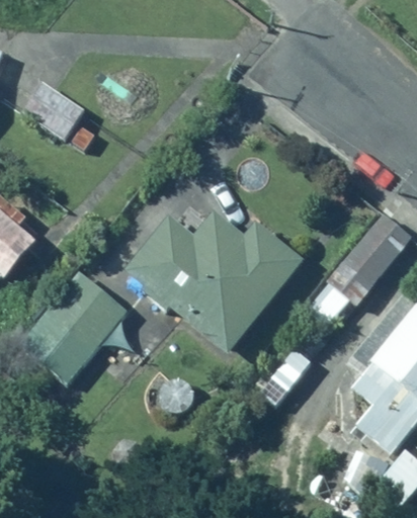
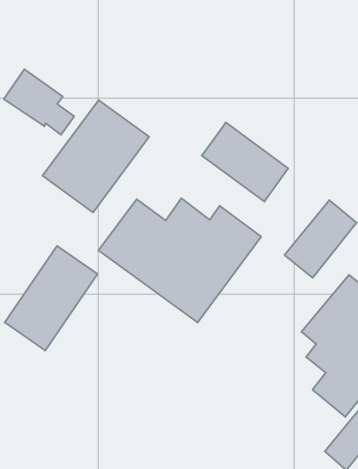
building: none -> [43,100,149,212]
building: none -> [202,122,288,202]

